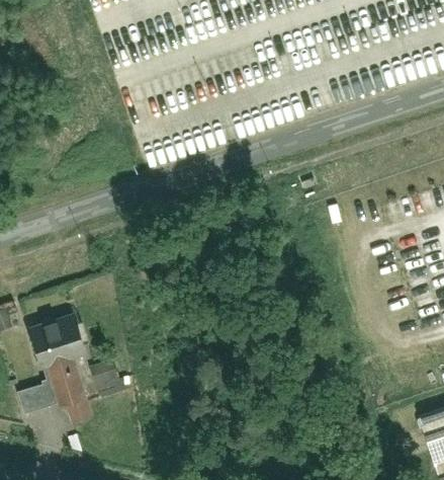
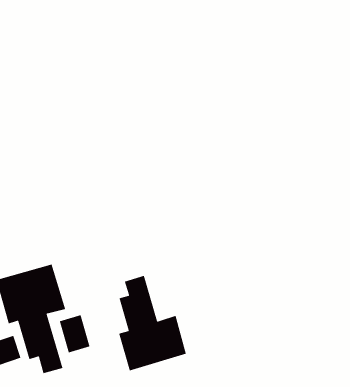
building: none -> [118,275,187,371]

